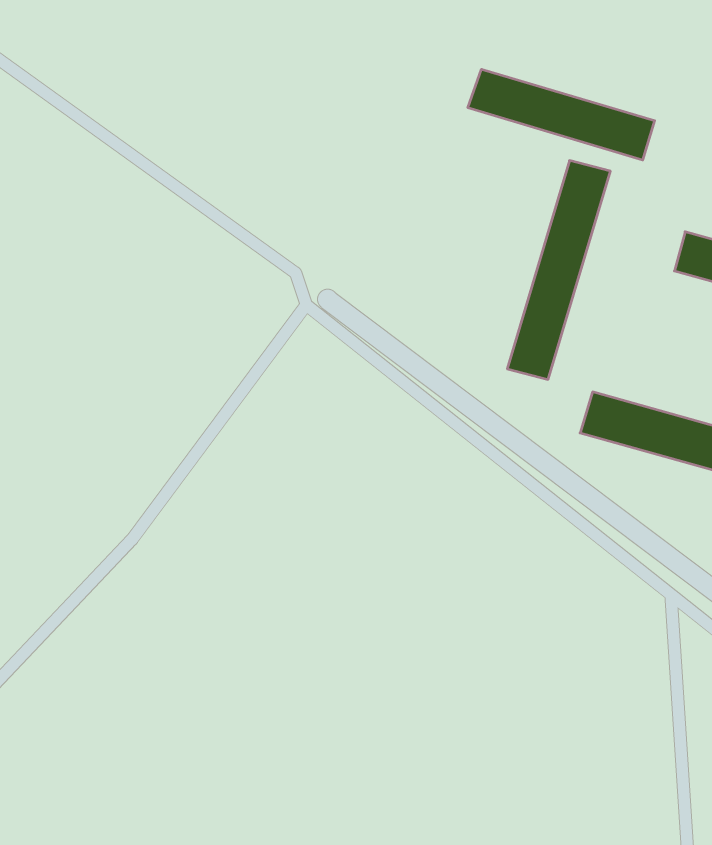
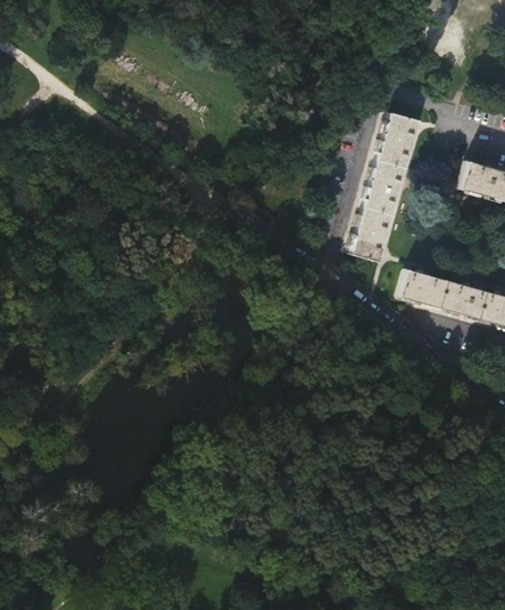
building: [468,69,655,160] -> none

